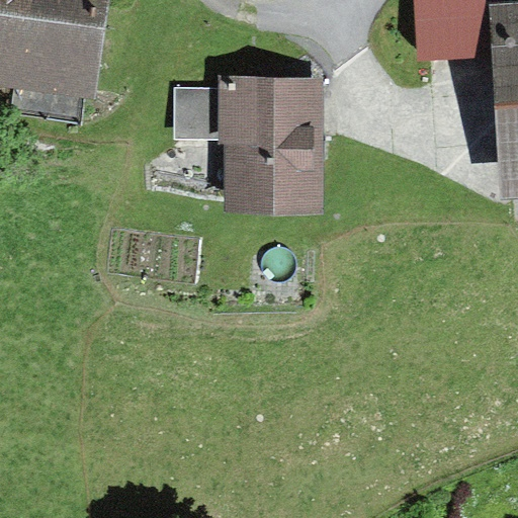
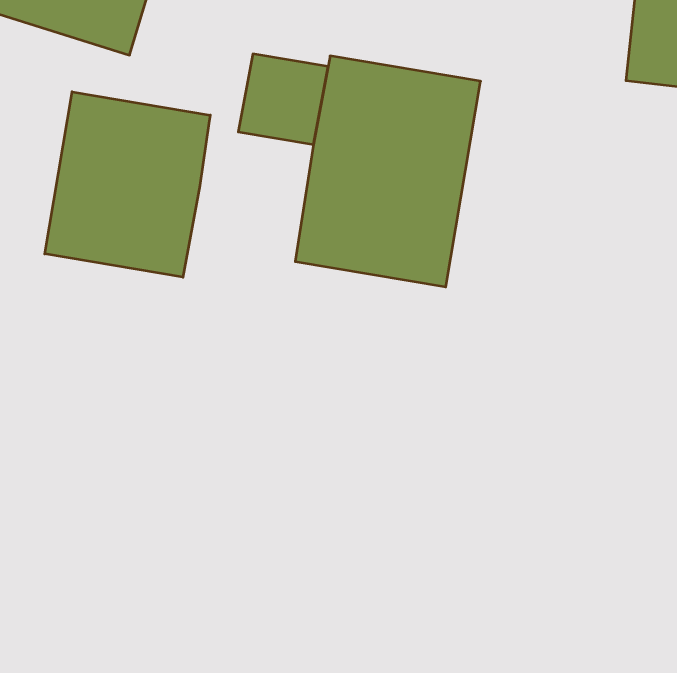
building: none -> [45,92,210,277]

